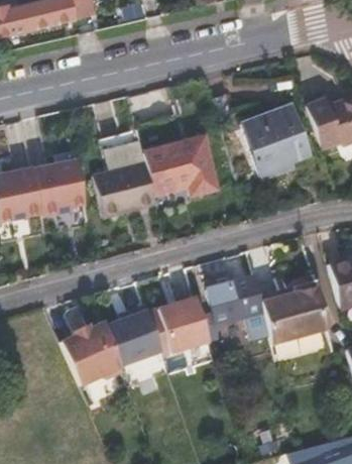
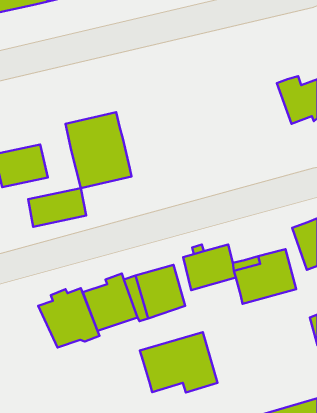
building: [254,116,322,184] -> none
building: [145,140,218,198] -> none
building: none -> [28,188,86,227]
building: none -> [140,332,218,393]

